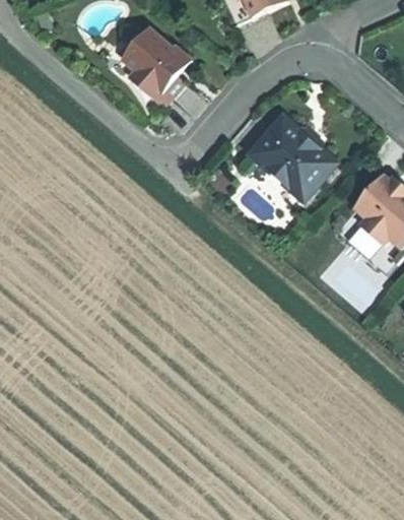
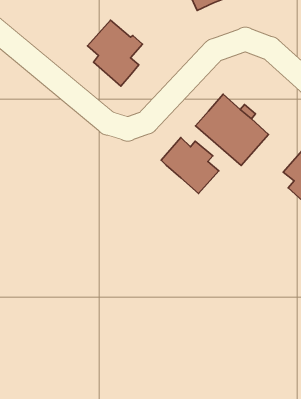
building: none -> [161,138,219,193]

